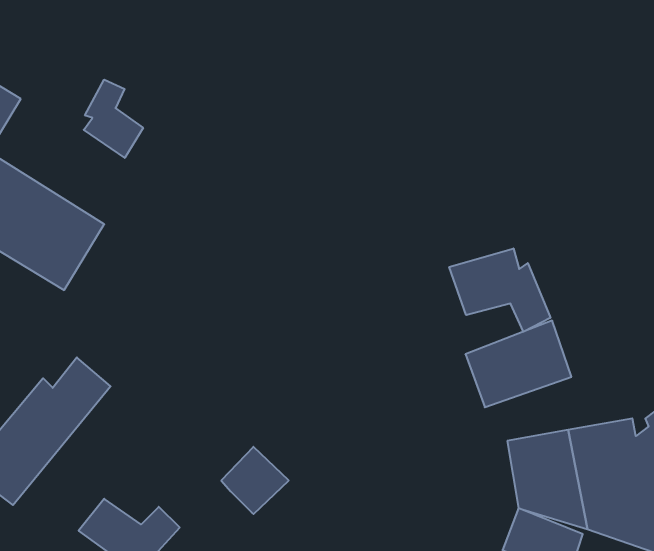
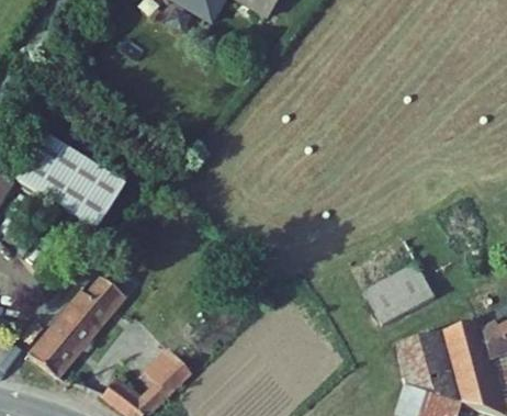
building: [84,80,143,158] -> none
building: [449,248,550,332] -> none
building: [221,447,289,514] -> [151,350,198,396]

